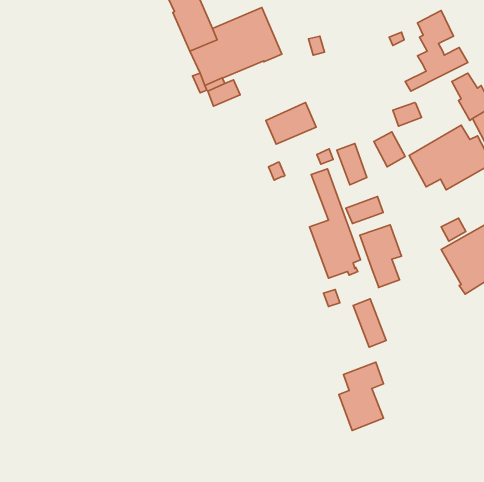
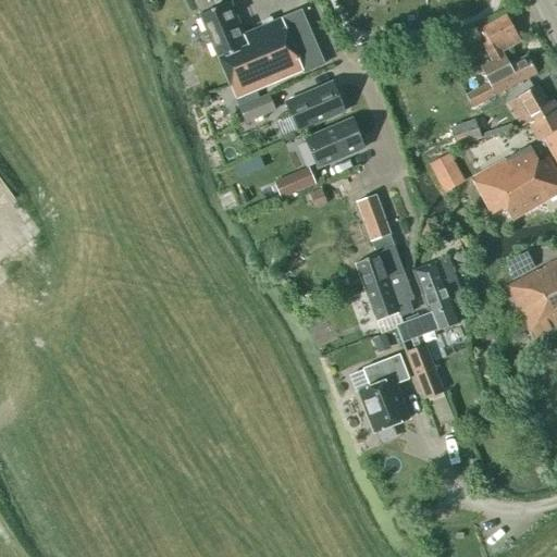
building: none -> [286,82,344,129]
building: [337,144,367,185] -> none
building: none -> [274,165,315,197]
building: [346,196,383,224] -> none
building: none -> [395,311,435,342]
building: [339,362,383,430] -> [358,352,409,431]

